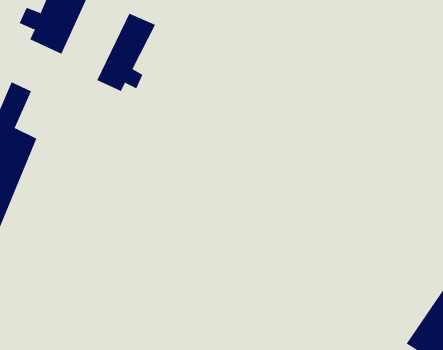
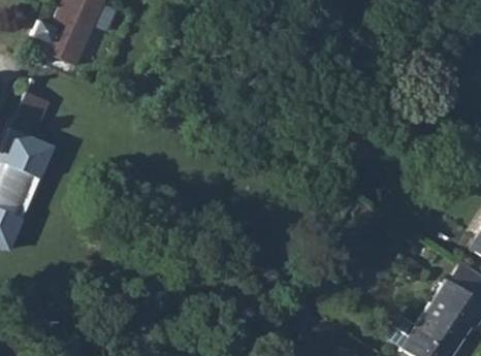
building: [97,13,156,92] -> none

